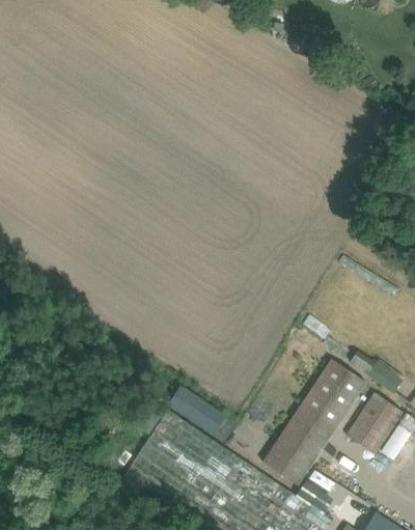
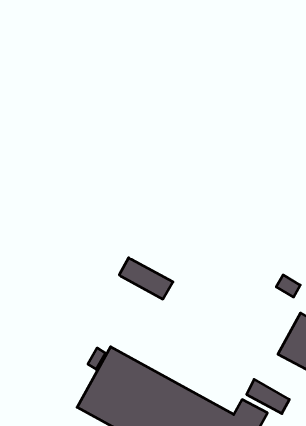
building: [262,360,366,485] -> none
building: [170,387,227,435] -> [119,258,173,299]

